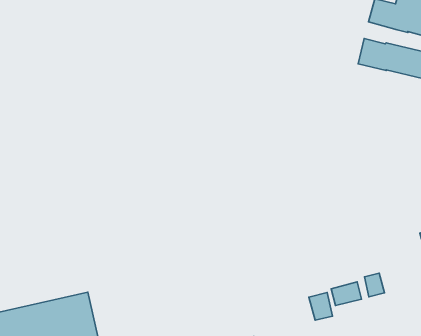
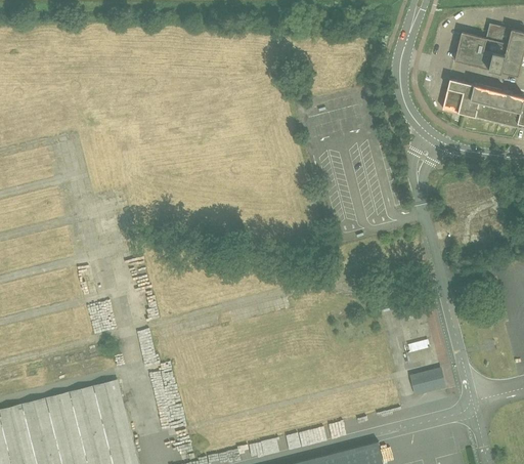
building: [364,273,385,297] -> none
building: [309,293,333,320] -> none

